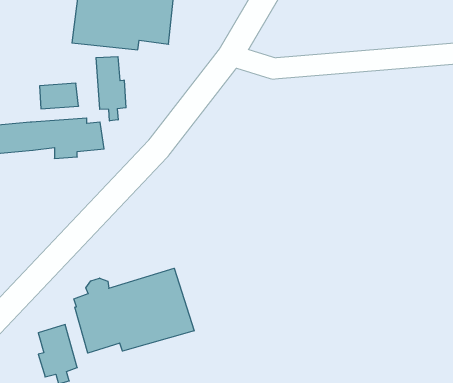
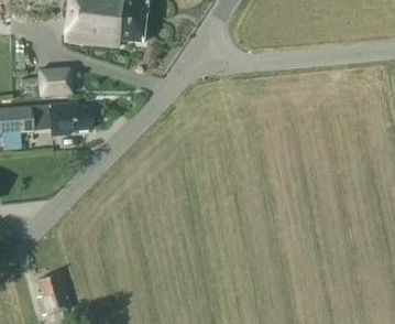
building: [96,57,126,121] -> none
building: [74,268,194,353] -> none

